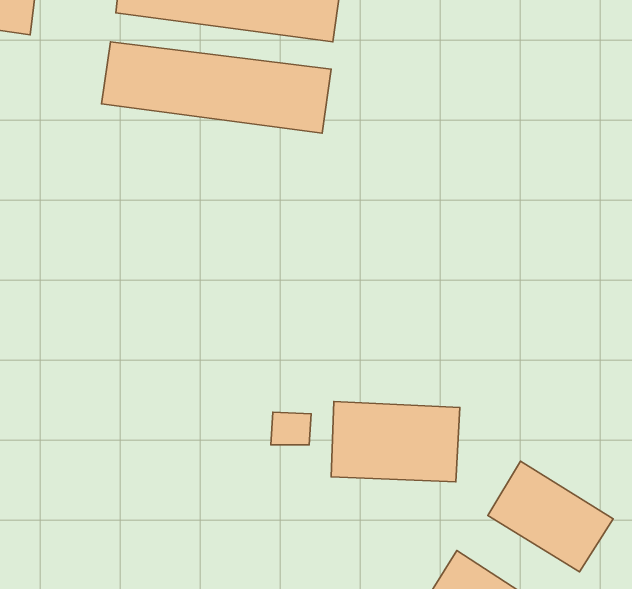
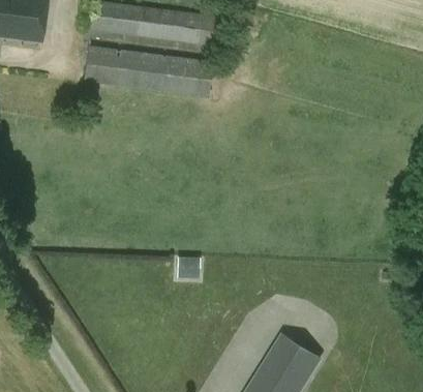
building: [331,402,460,482] -> none
building: [488,461,613,572] -> none

